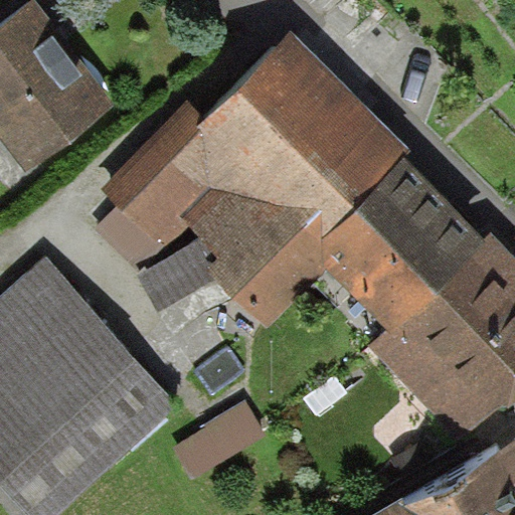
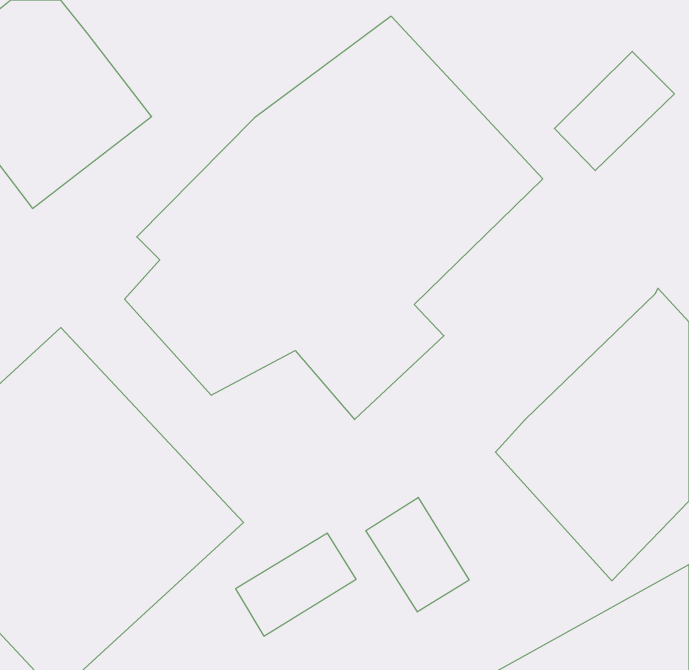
building: none -> [554,51,674,171]
building: [308,149,487,328] -> none
building: none -> [366,497,469,612]

